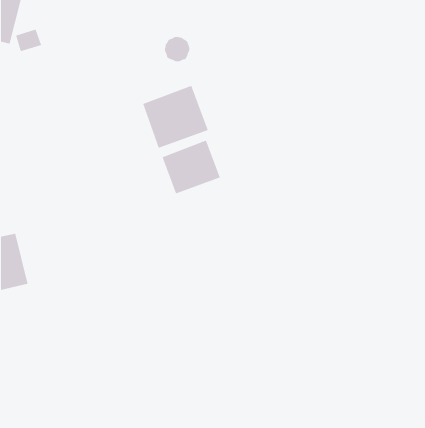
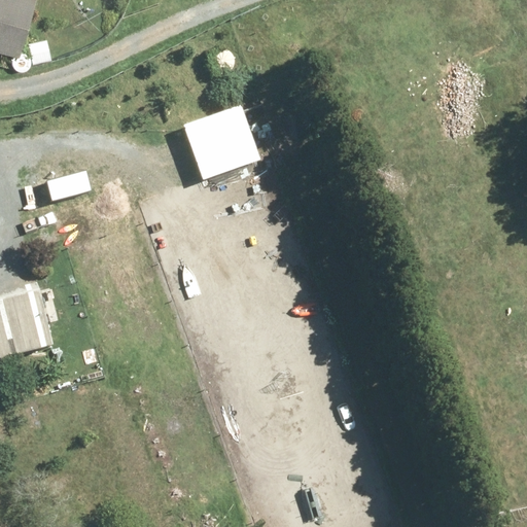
building: [162,140,221,195] -> none

